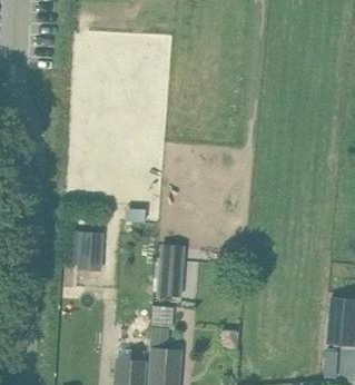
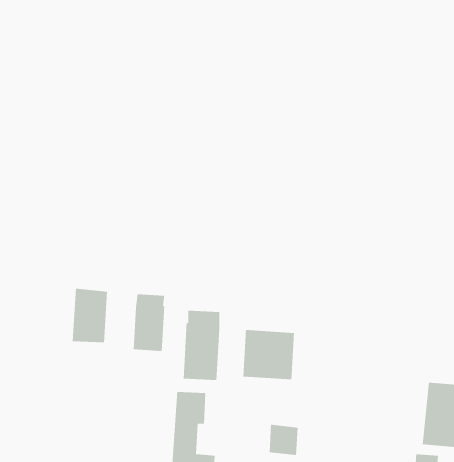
building: none -> [133,293,165,352]
building: none -> [243,329,294,380]

